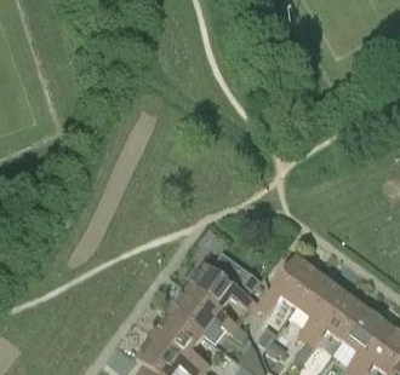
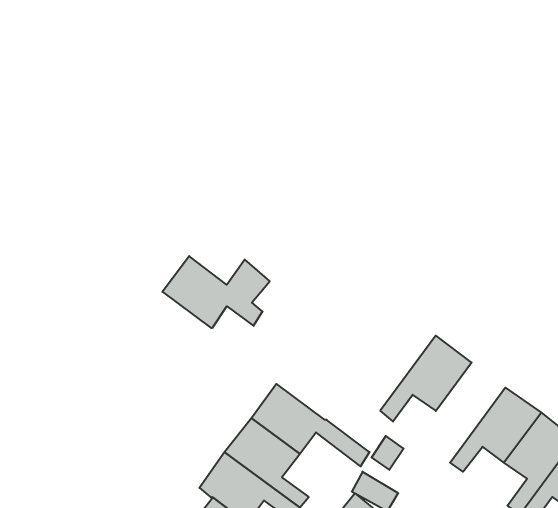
building: [188,264,261,312] -> [162,256,270,328]
building: [296,273,343,341] -> none

